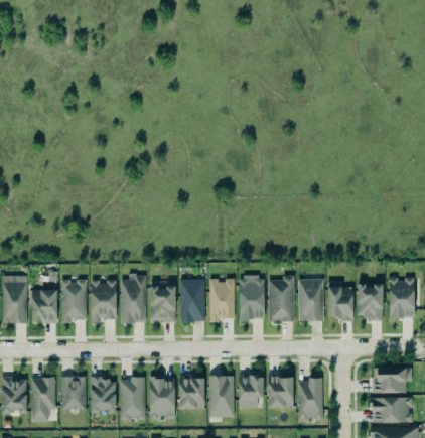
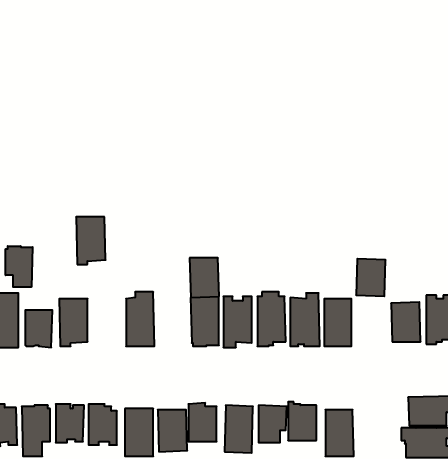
building: none -> [6,246,33,287]
building: [92,281,118,323] -> [76,217,106,264]
building: [151,287,177,322] -> [190,258,219,298]
building: [328,287,355,320] -> [356,259,386,296]

